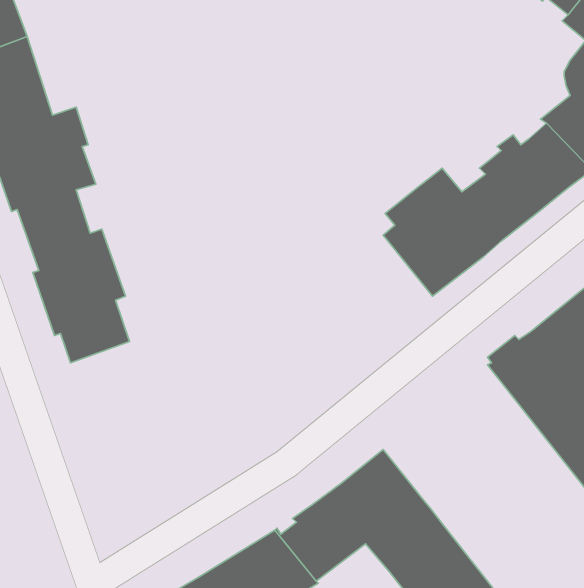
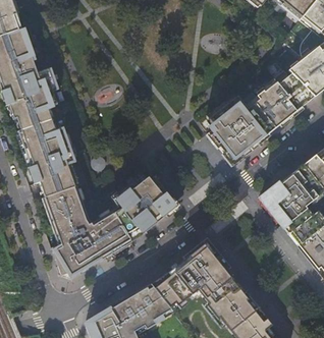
building: none -> [42,172,178,278]

